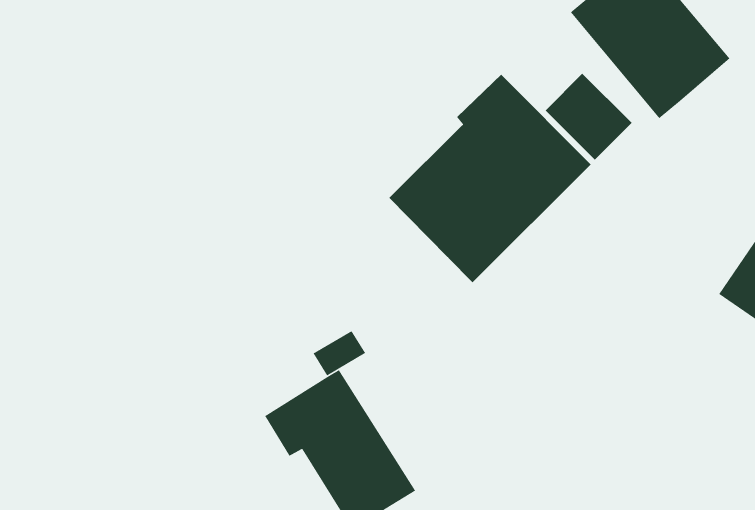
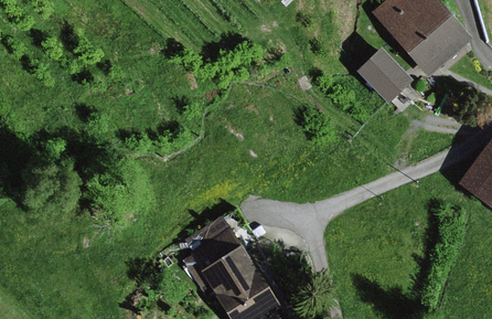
building: [389,74,591,283] -> none

